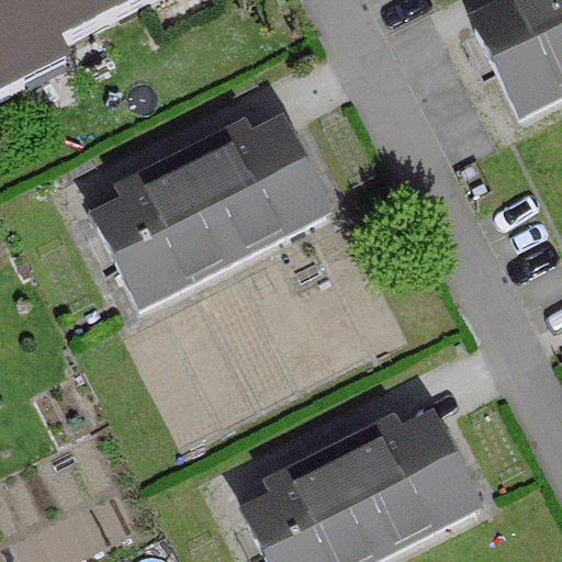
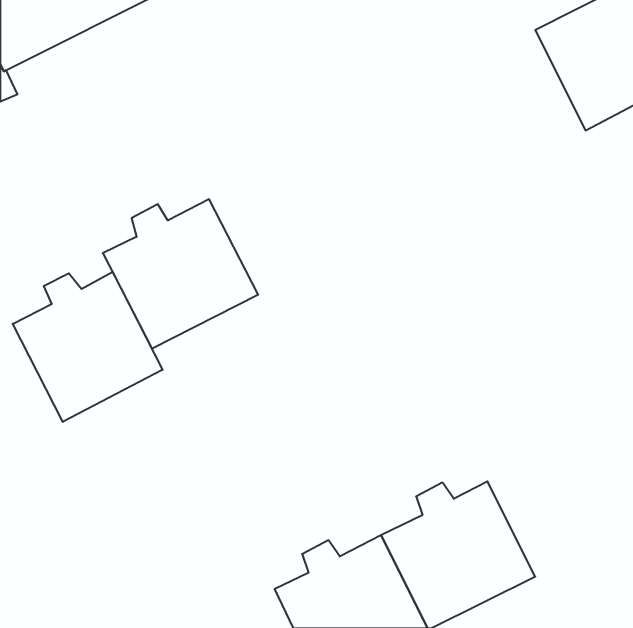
building: [190,127,326,258] -> none
building: none -> [13,272,163,422]

